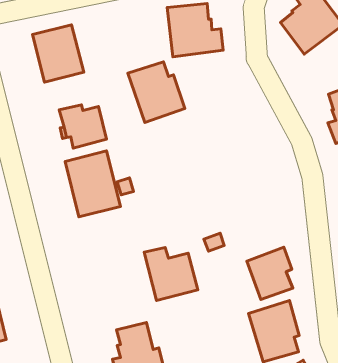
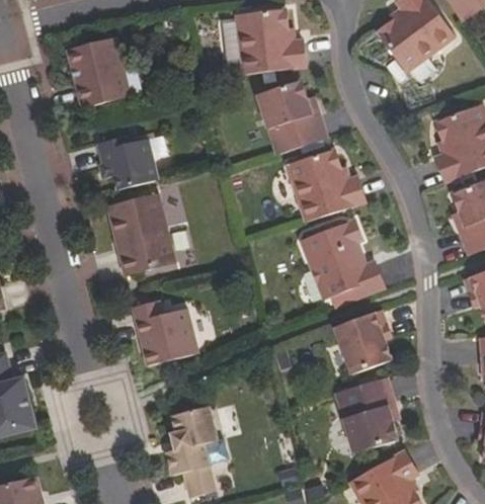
building: [128,62,185,122] -> [255,81,326,156]
building: none -> [286,151,363,223]
building: none -> [301,220,385,300]
building: [144,247,198,301] -> [134,300,200,365]

